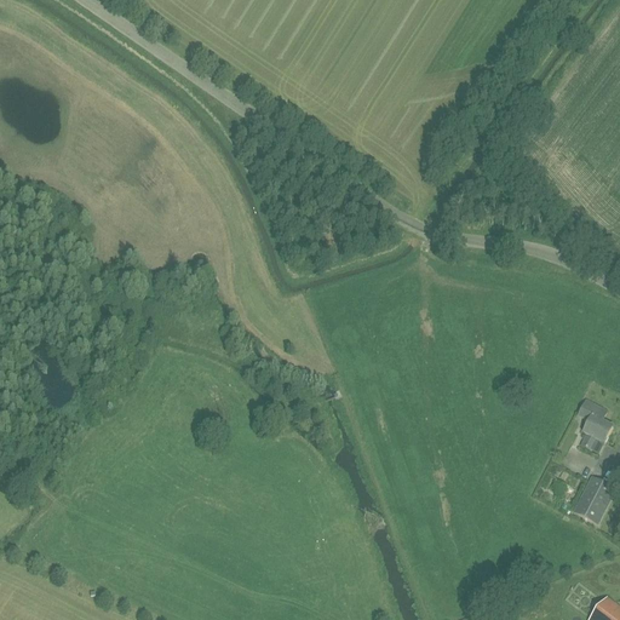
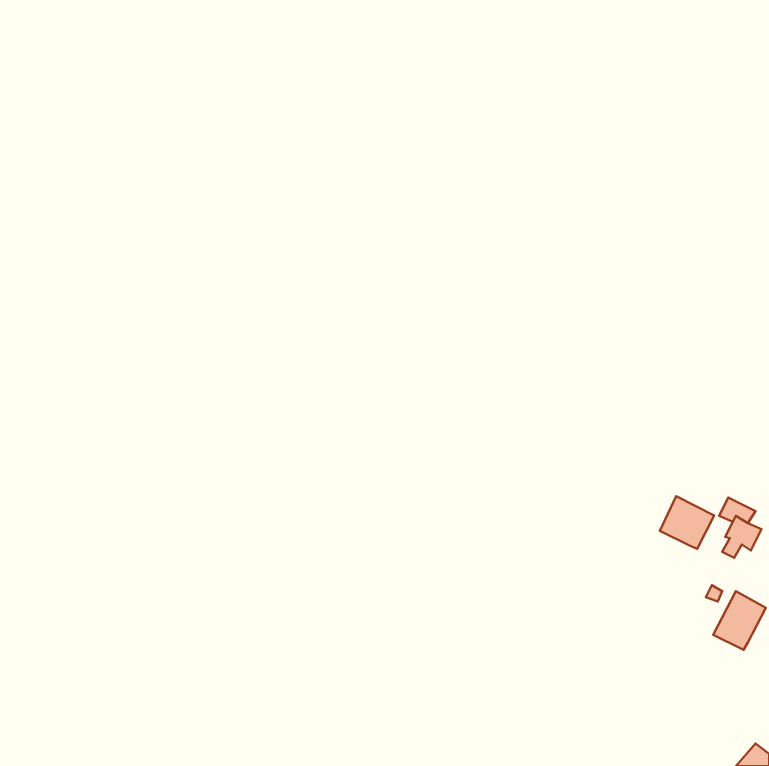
building: none -> [660,496,714,549]

